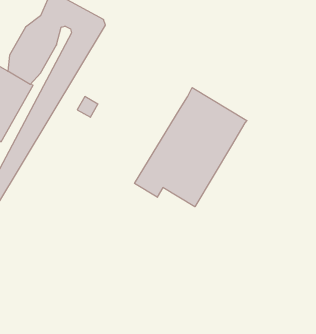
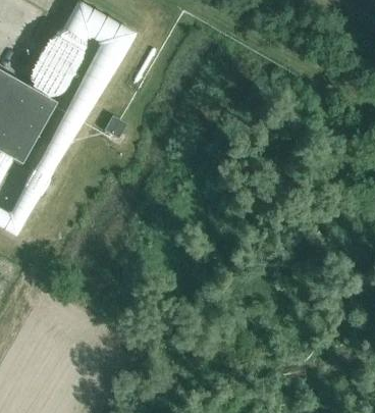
building: [135,88,247,207] -> none

